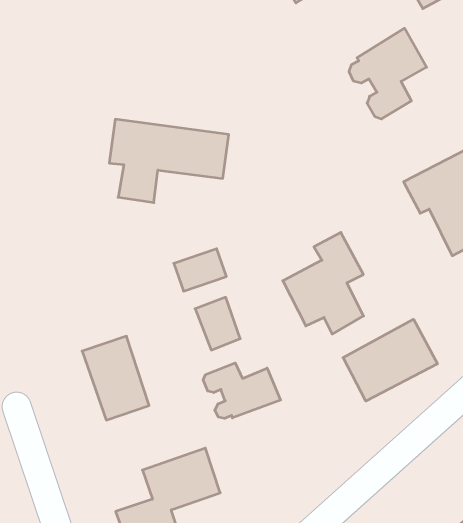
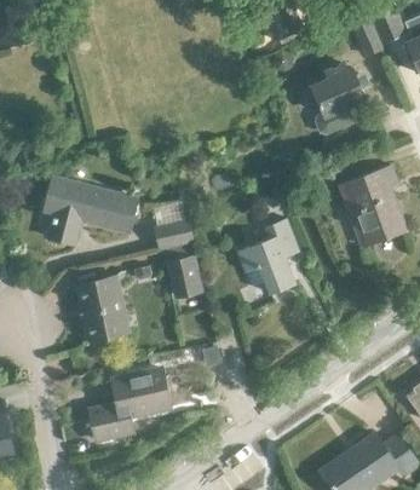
building: [109,119,229,203] -> [45,175,138,242]
building: [343,319,437,401] -> none
building: [203,363,281,418] -> none

